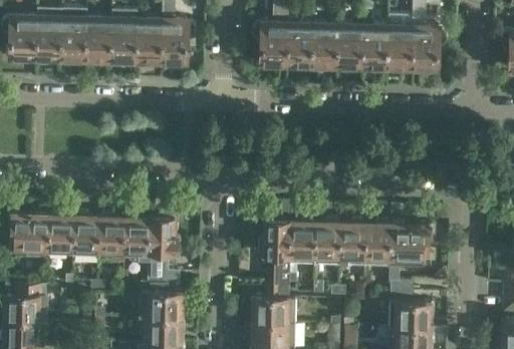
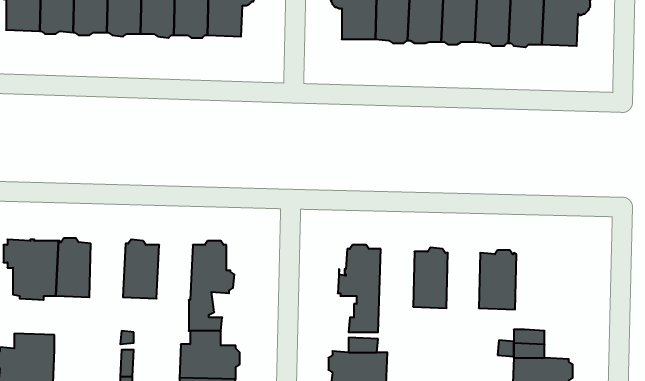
building: [73,213,100,256] -> none
building: [123,214,151,258] -> none
building: [289,219,316,283] -> none
building: [340,220,365,264] -> none
building: [392,223,432,270] -> none

